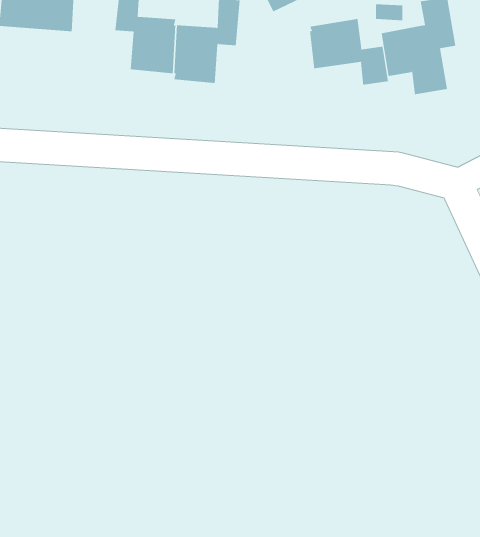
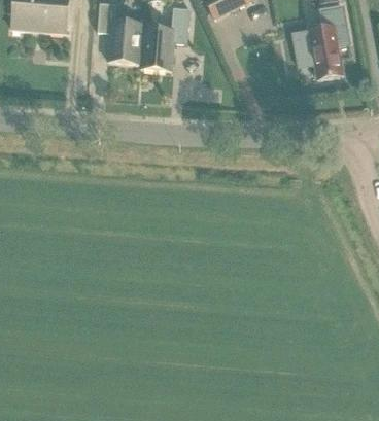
building: [310,18,389,86] -> none

